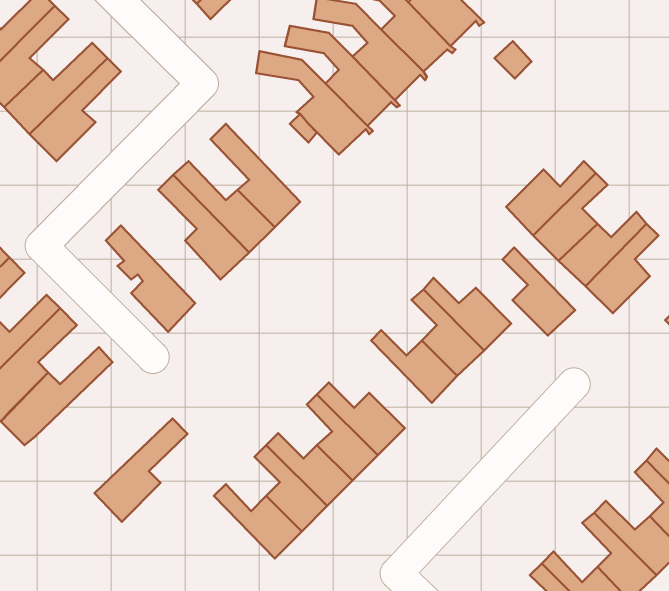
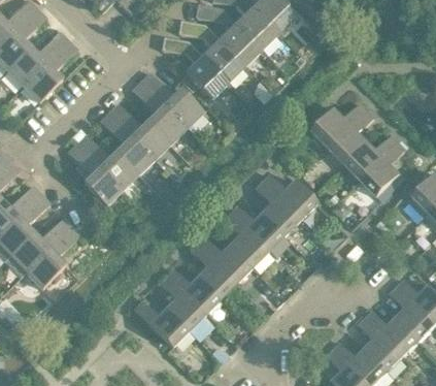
building: none -> [141,72,203,128]
building: none -> [77,134,138,190]
building: [502,248,575,336] -> [223,213,267,266]
building: [95,419,188,522] -> [25,226,81,289]

